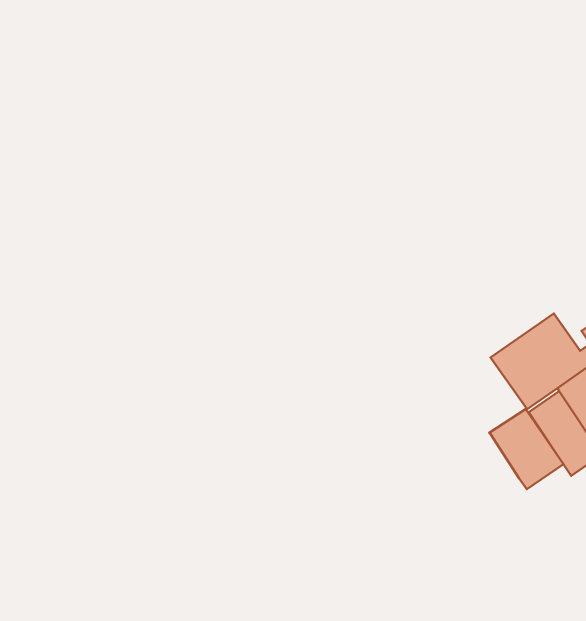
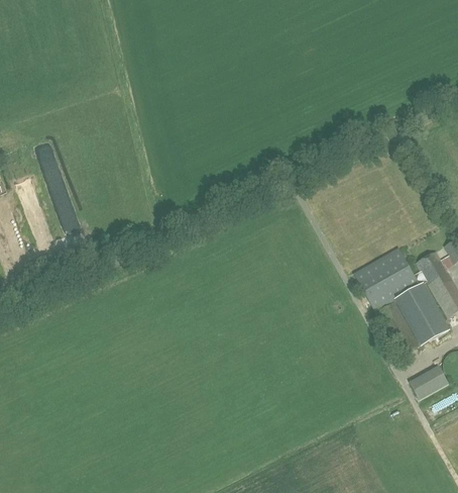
building: [489,409,564,489] -> none

